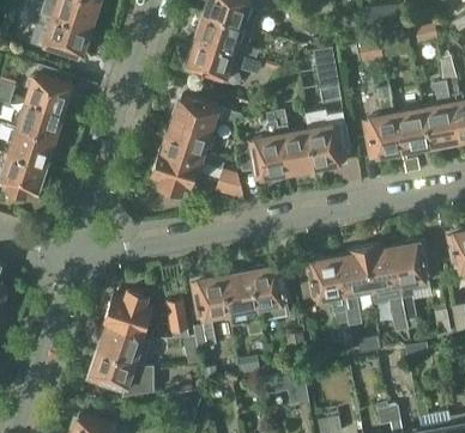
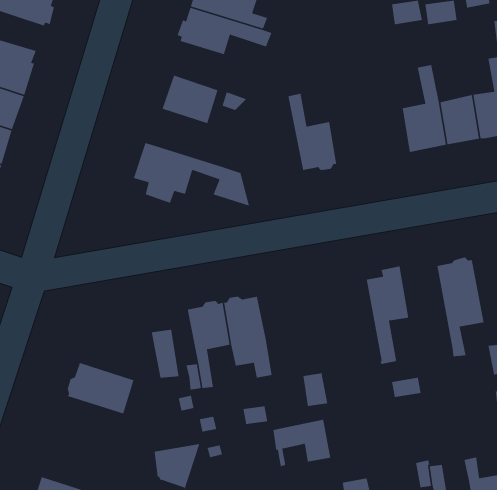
building: [313,47,339,90] -> none
building: [306,111,350,169] -> none
building: [238,112,286,179] -> none
building: [165,123,225,169] -> none
building: [364,244,409,330] -> none
building: [308,258,349,325] -> none
building: [250,267,290,321] -> none
building: [103,289,157,339] -> none
building: [90,352,156,397] -> none

